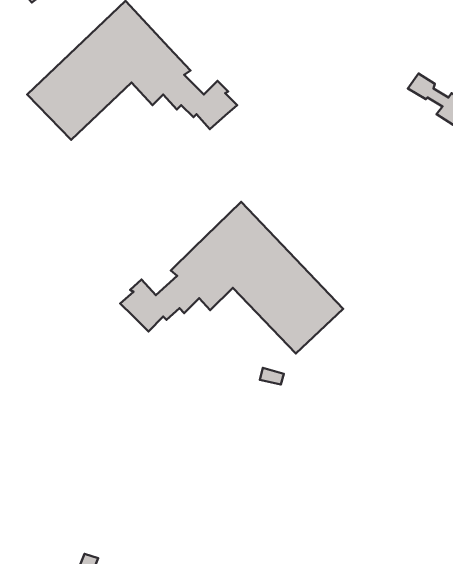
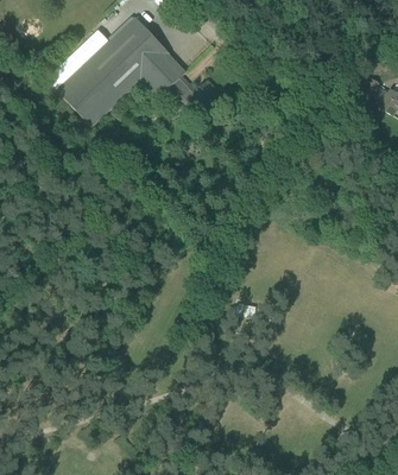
building: [120,202,343,353] -> none

